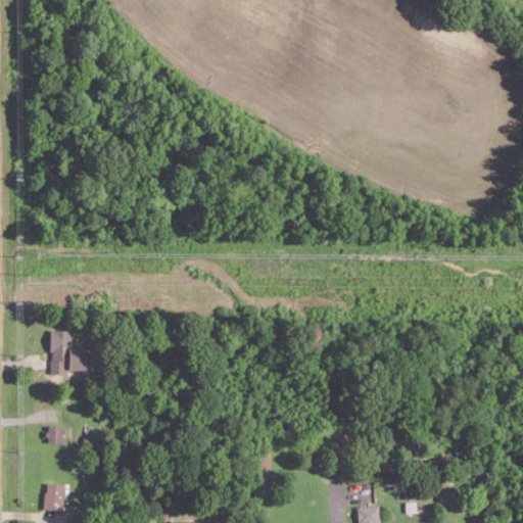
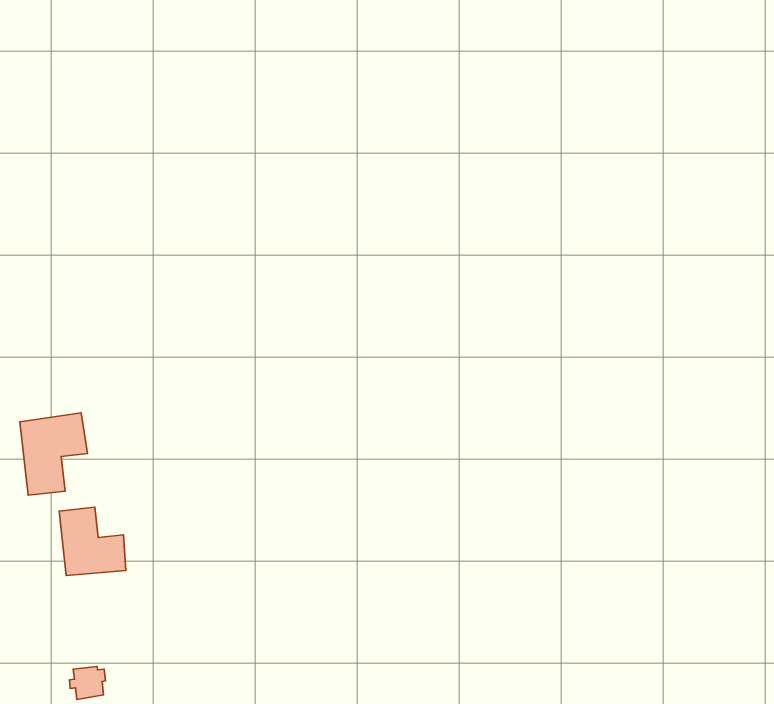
building: none -> [20,413,88,495]

